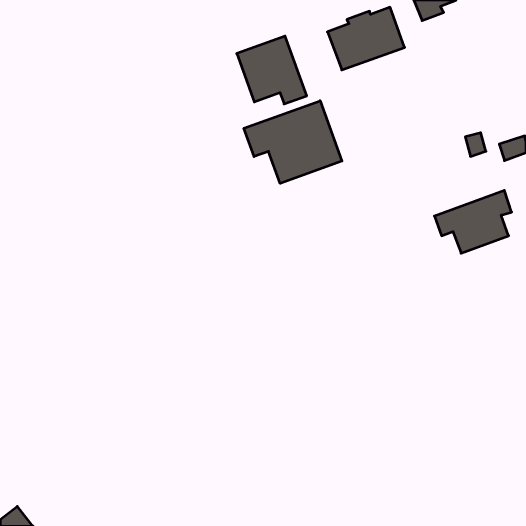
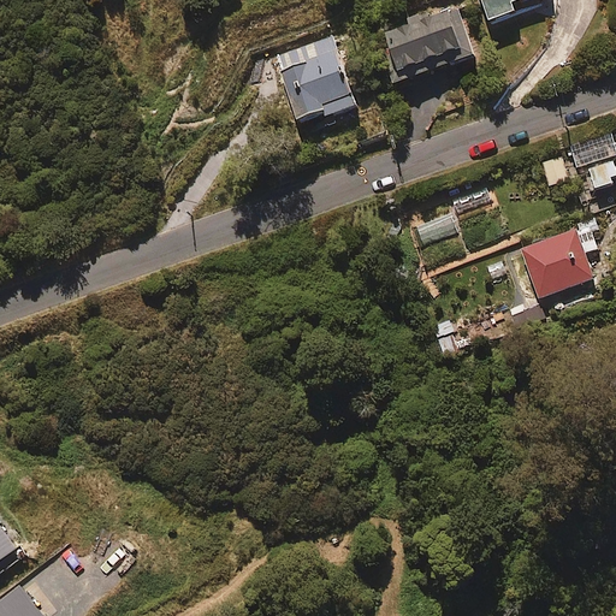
building: [244,101,342,183] -> none

